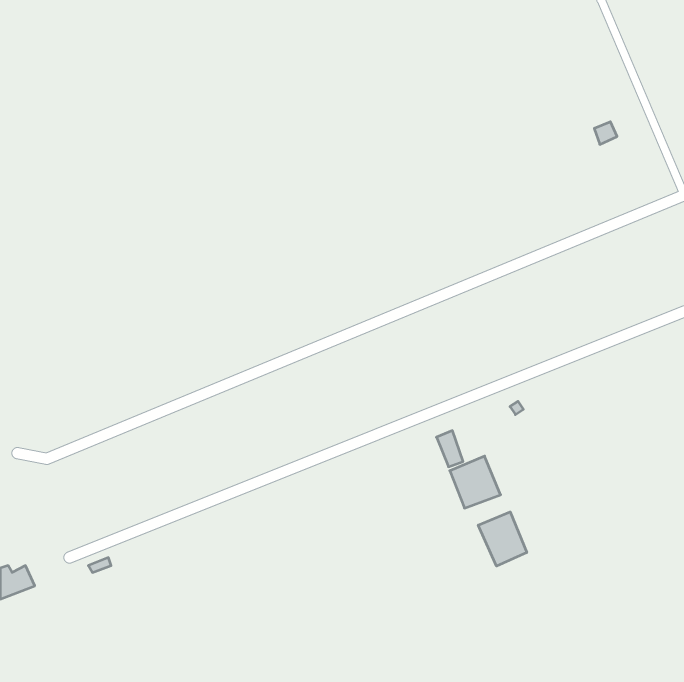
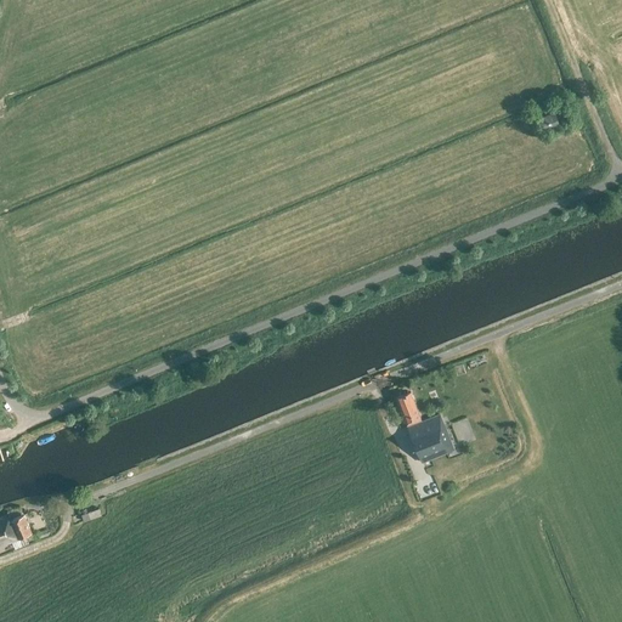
building: [478,512,527,566] -> none

